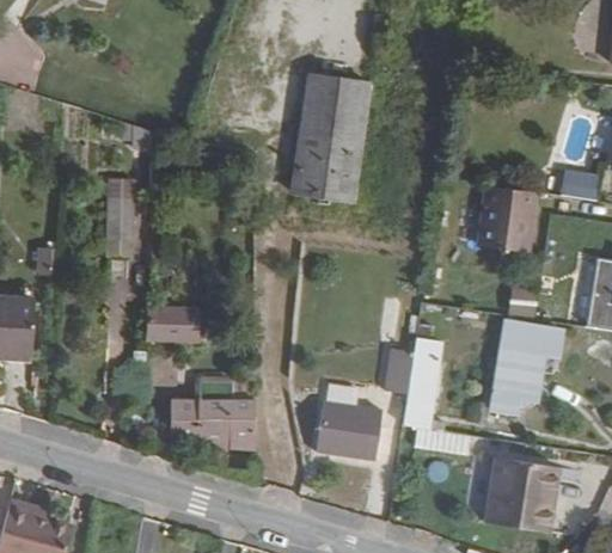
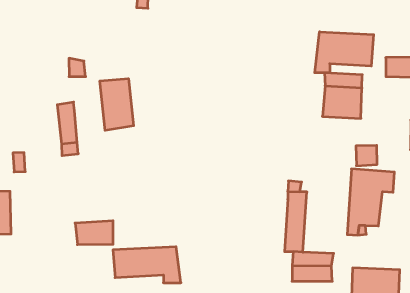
building: [295,73,373,203] -> none
building: none -> [315,32,374,73]
building: none -> [100,79,134,130]
building: [148,313,201,348] -> [75,221,113,245]
building: [381,346,414,394] -> none
building: [312,399,379,460] -> none

